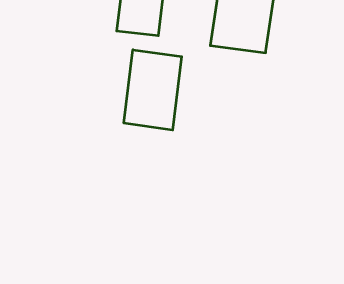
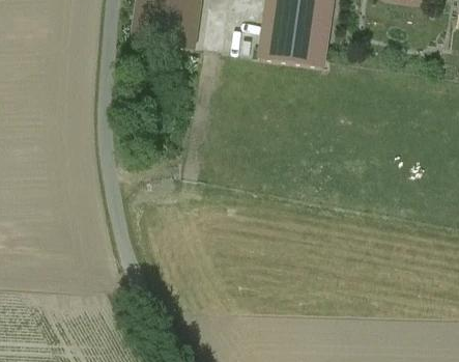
building: [124,50,182,130] -> none

